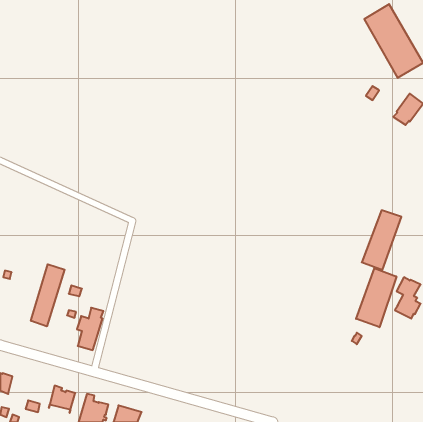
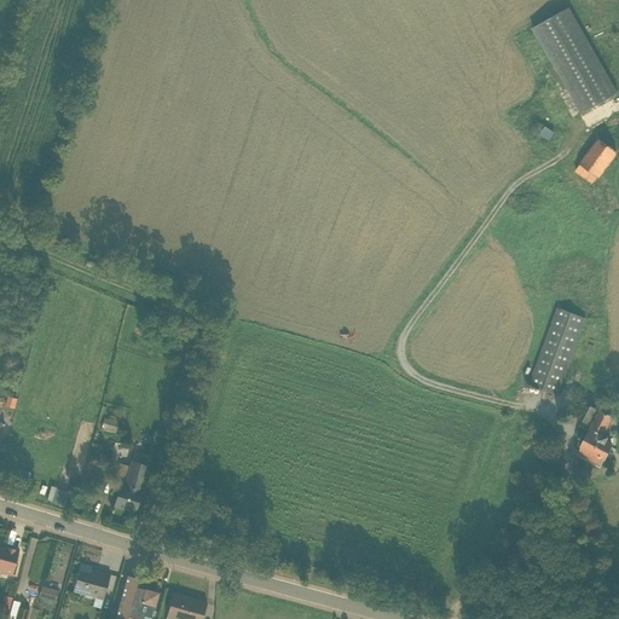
building: [31,264,65,326] -> none
building: [356,268,396,327] -> none

